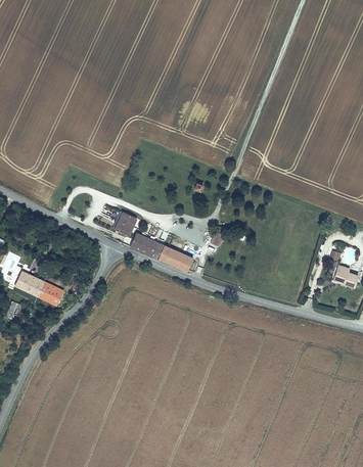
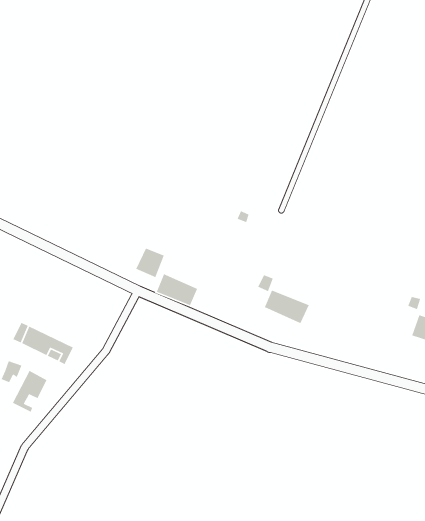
building: [156,244,193,272] -> [264,290,310,324]
building: none -> [12,370,48,413]

